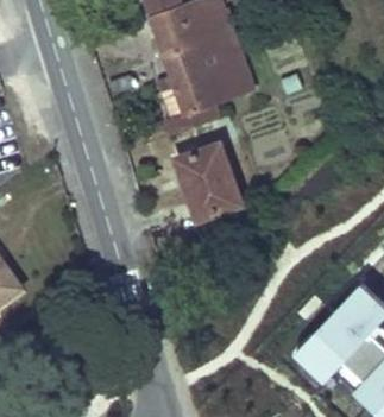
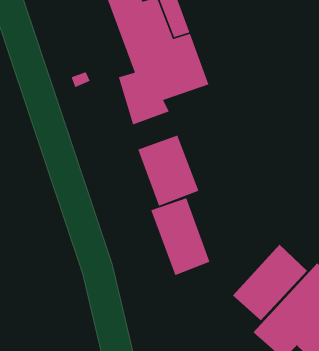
building: none -> [150,197,211,276]
building: none -> [232,244,308,321]

